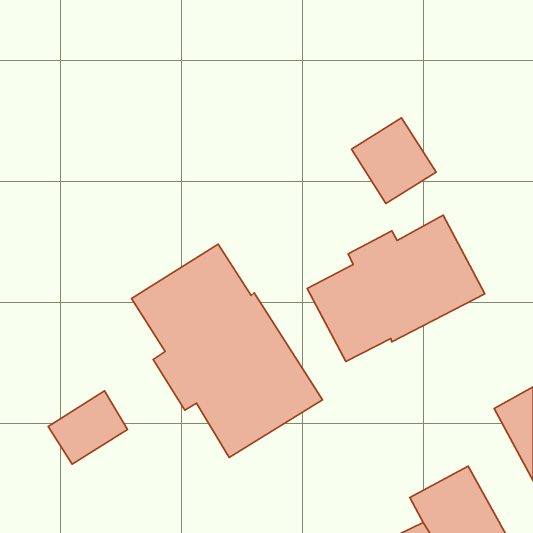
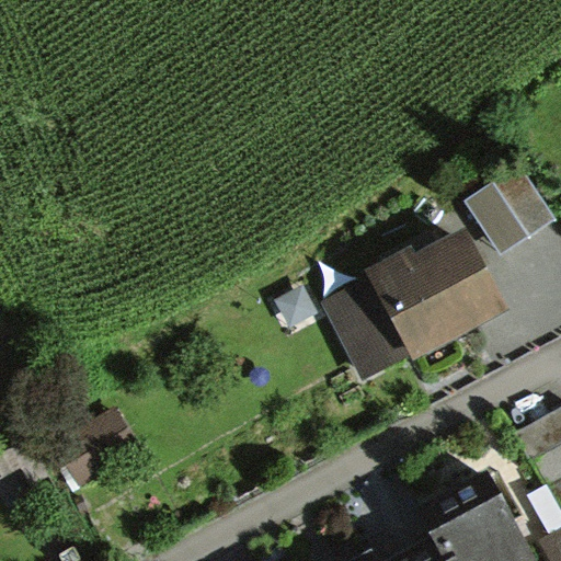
building: [351,118,436,204] -> [465,167,553,256]
building: [132,244,322,457] -> none

